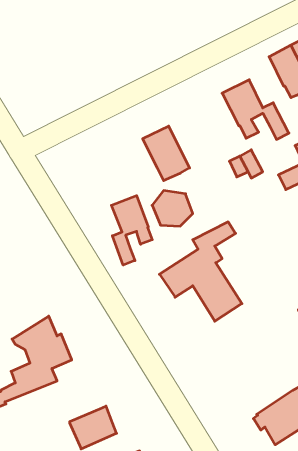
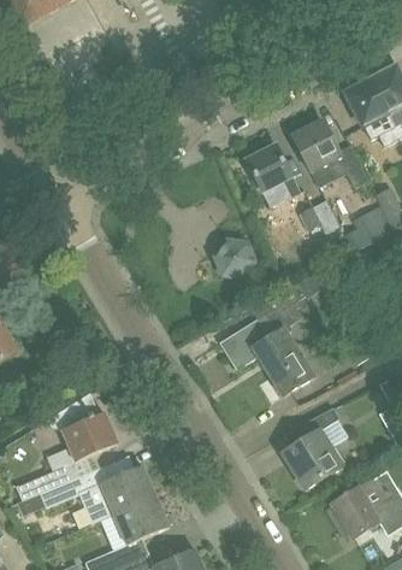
building: [143,126,190,181] -> [244,145,298,207]
building: [111,196,152,265] -> none
building: none -> [280,409,345,489]
building: none -> [40,465,156,524]

